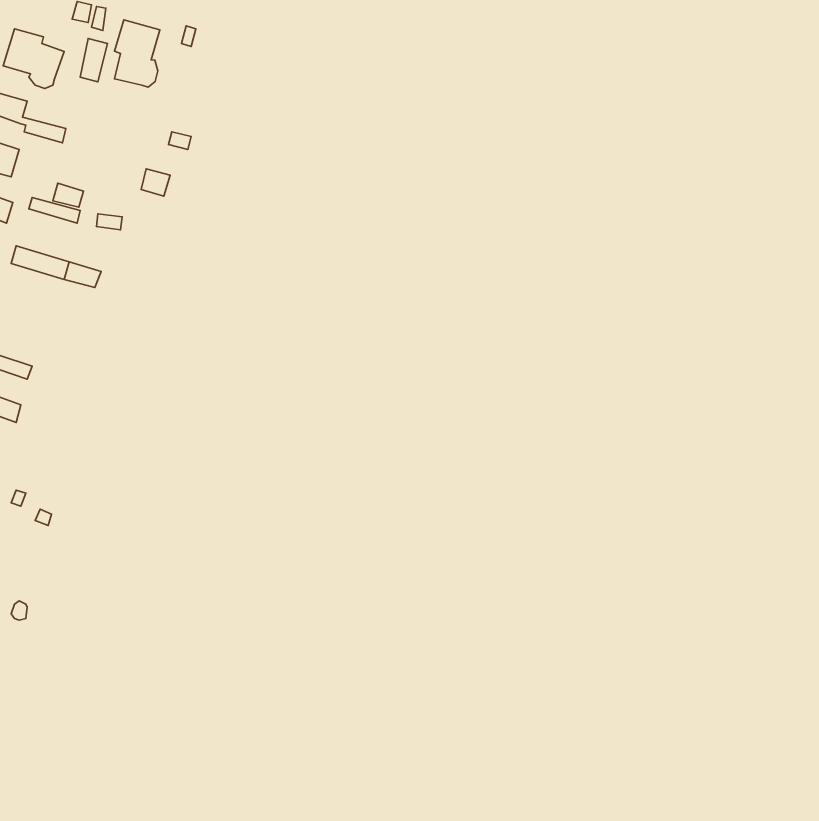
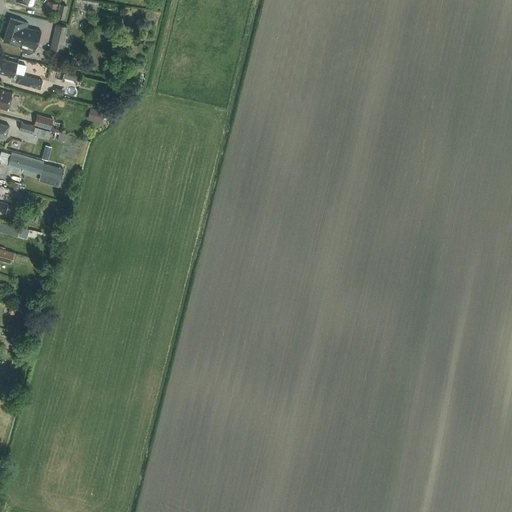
building: [114,20,160,87] -> none

